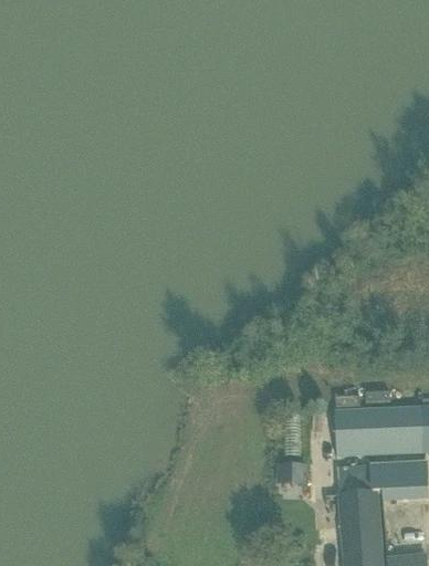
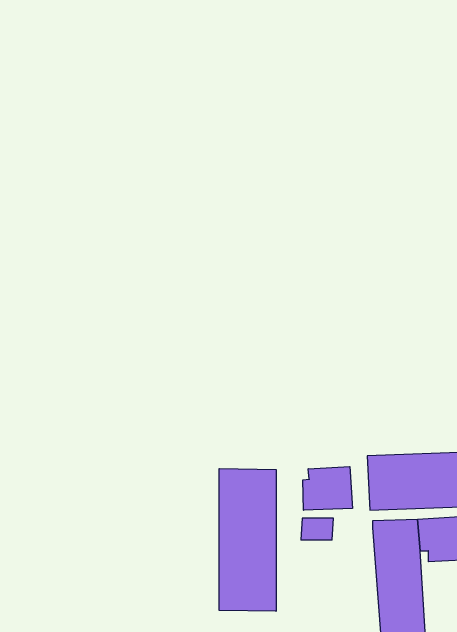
building: none -> [303,467,352,510]
building: none -> [219,469,276,611]

